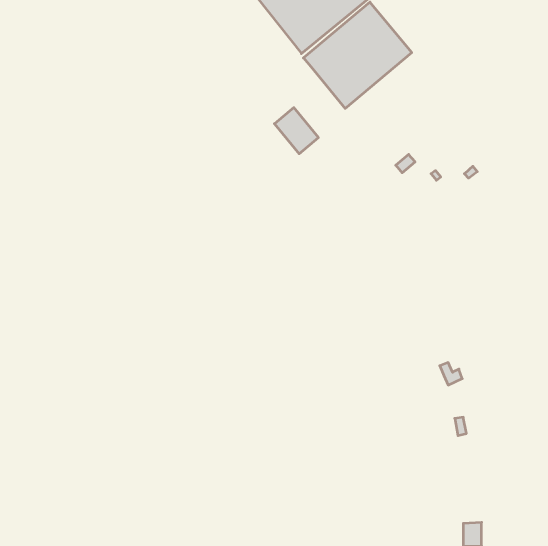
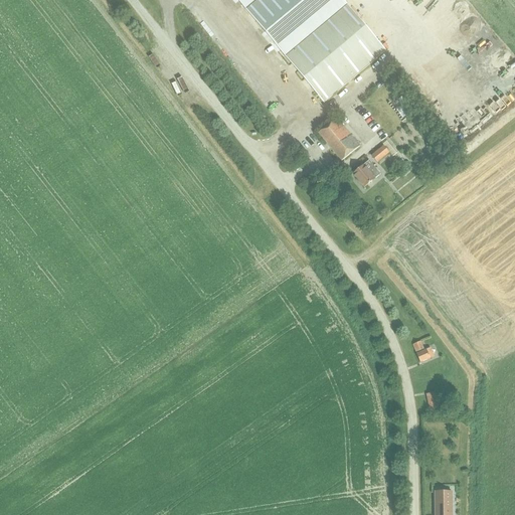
building: [274,108,318,154] -> [318,117,359,160]
building: none -> [352,159,380,187]

